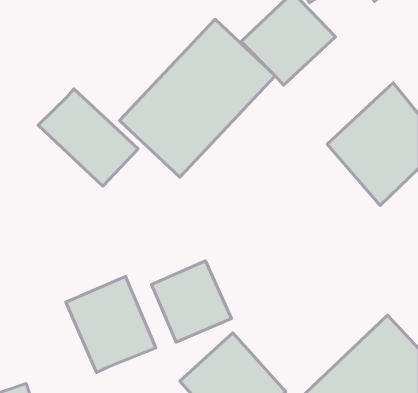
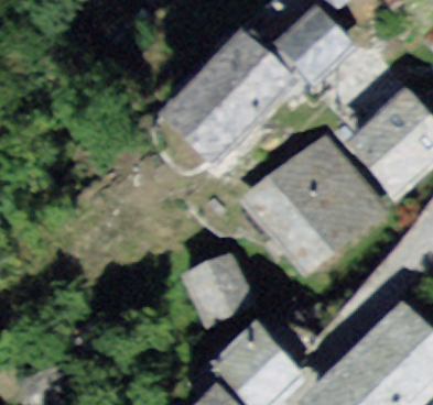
building: [38,89,138,186] -> none
building: none -> [241,133,388,278]
building: [66,276,156,372] -> none

